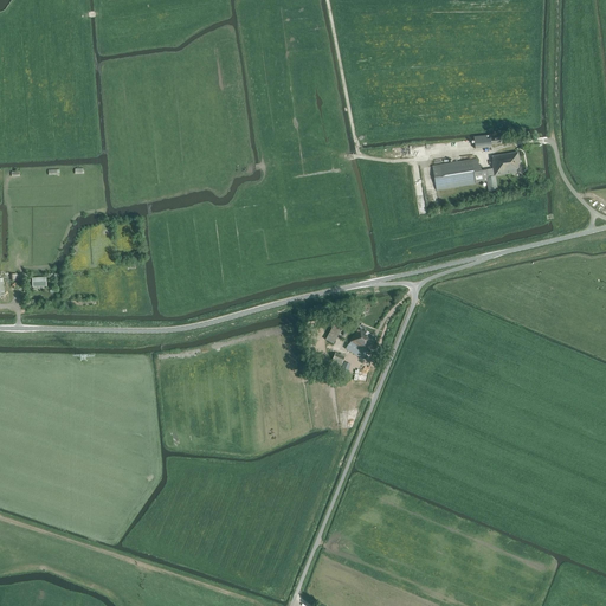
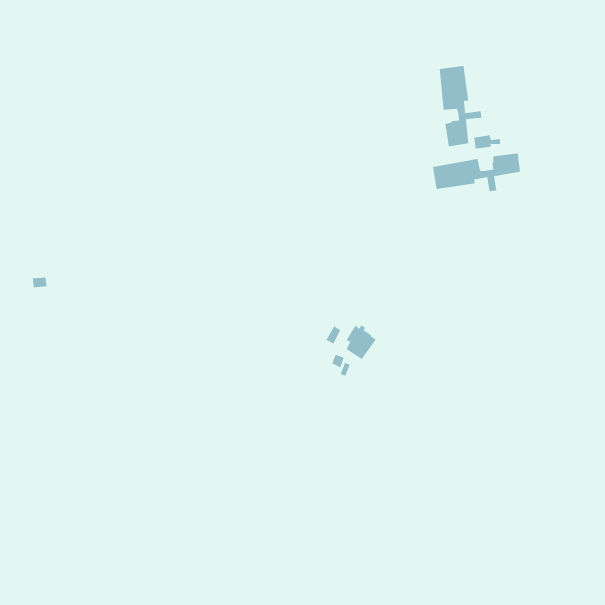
building: none -> [439,65,482,147]

